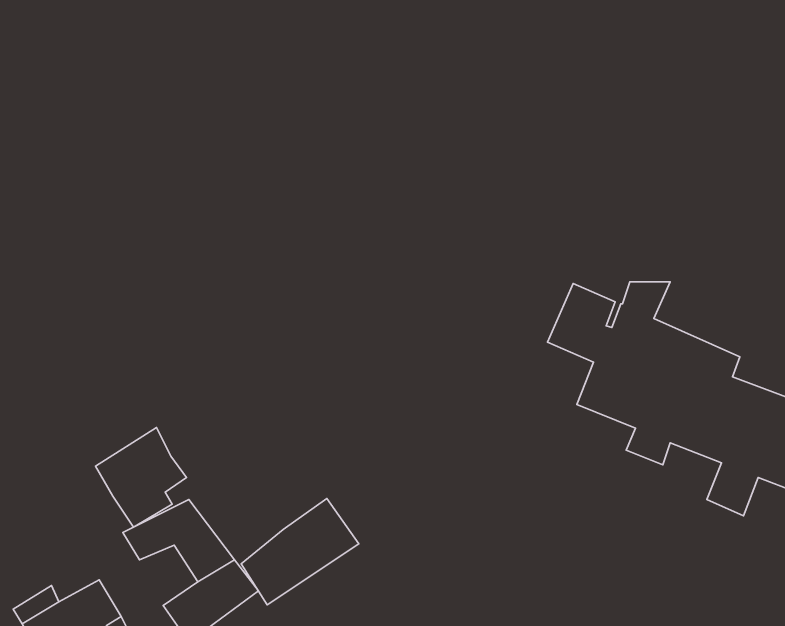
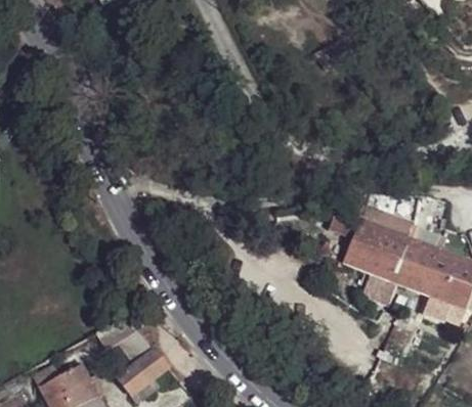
building: [95,427,187,527] -> none
building: [241,498,359,605] -> none

